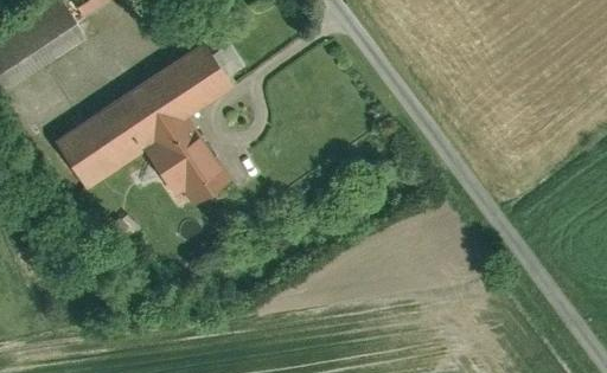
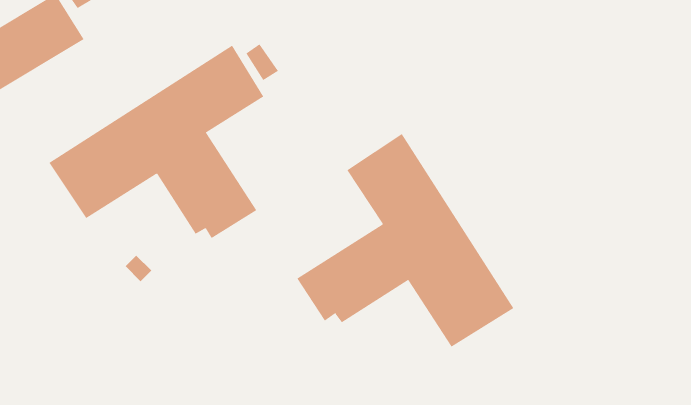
building: none -> [296,133,514,347]

